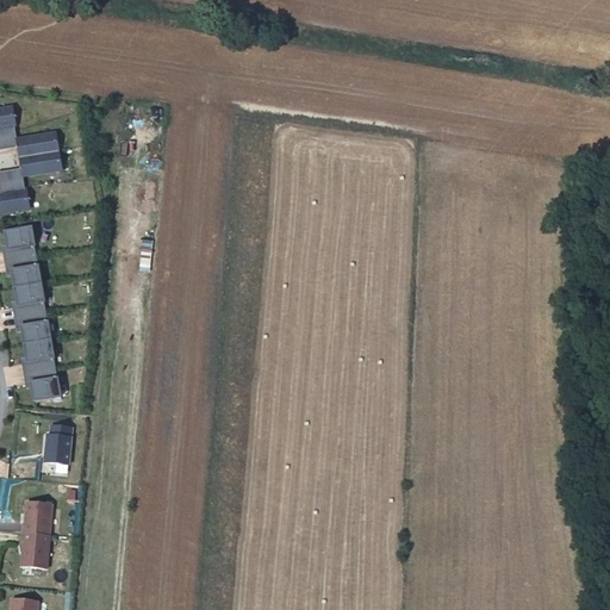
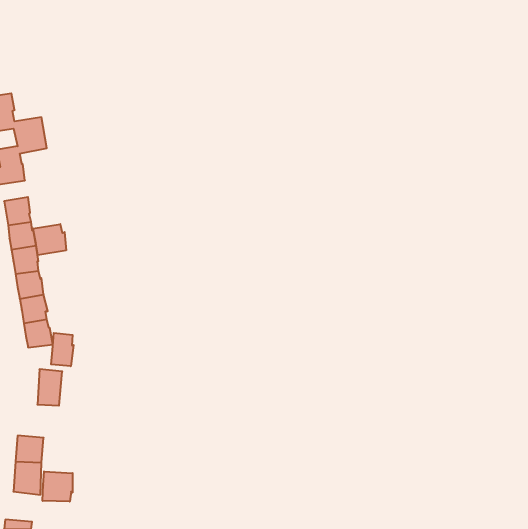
building: none -> [33,224,66,255]
building: none -> [51,333,74,366]
building: none -> [43,471,73,502]

